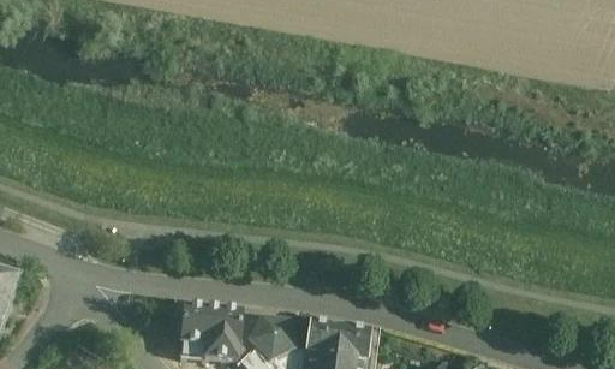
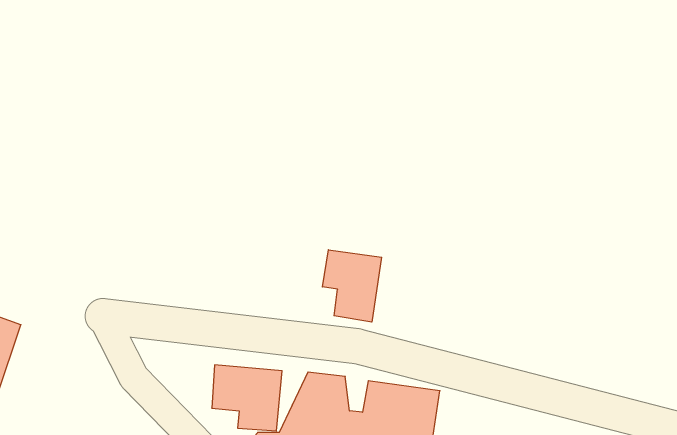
building: none -> [322,250,382,322]

